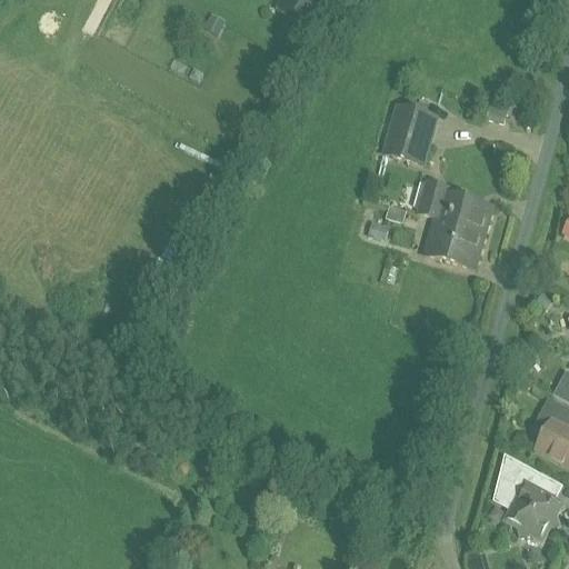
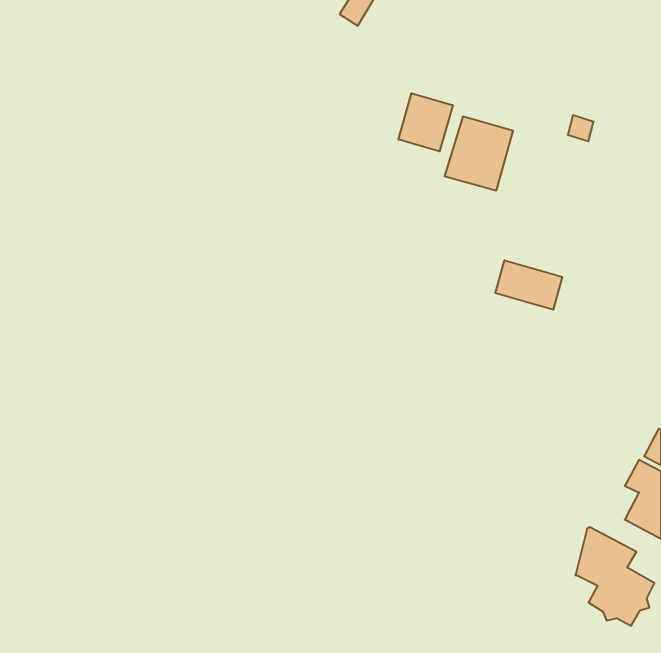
building: none -> [398,93,453,151]
building: [419,178,492,238] -> none

